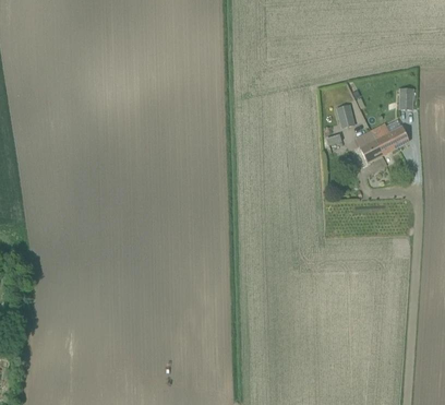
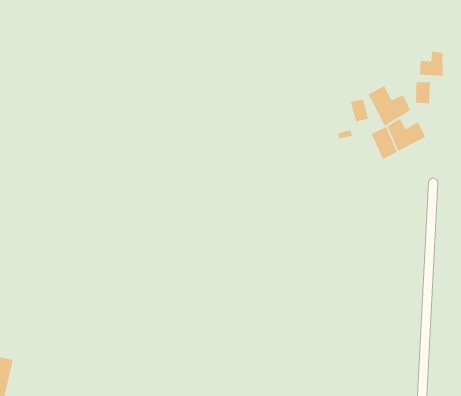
building: none -> [419,51,443,77]
building: none -> [367,85,411,127]

